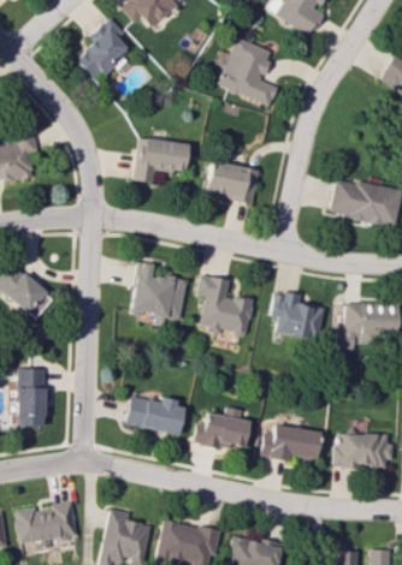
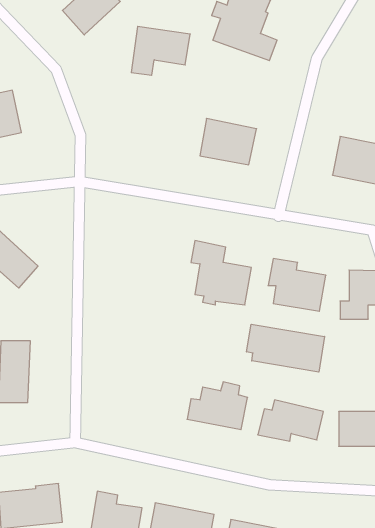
building: [134,137,189,183] -> [131,26,190,75]
building: [131,262,188,320] -> none
building: none -> [247,324,325,372]
building: [126,396,187,435] -> none

